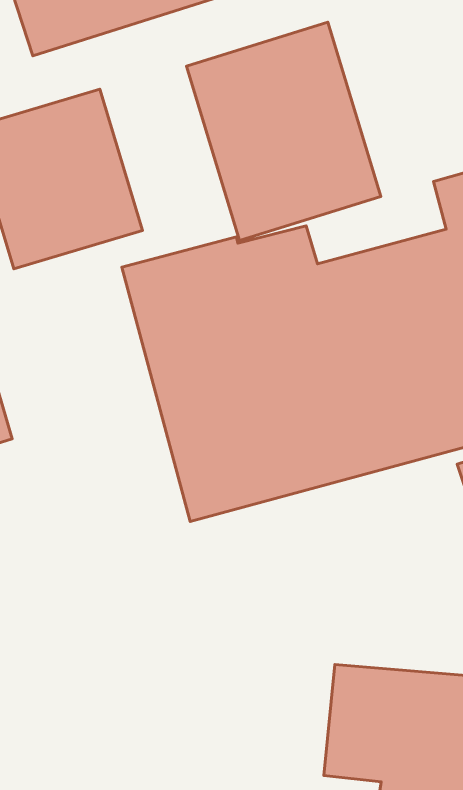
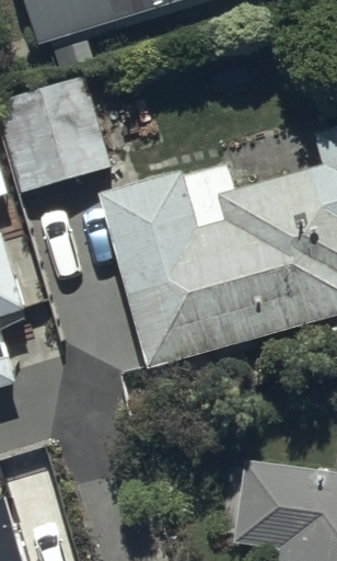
building: [187,22,381,241] -> none

